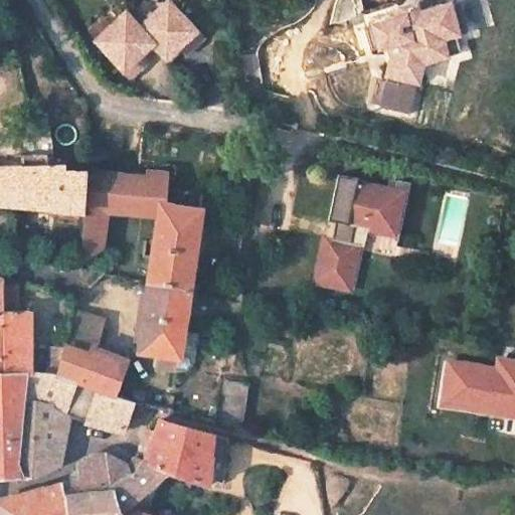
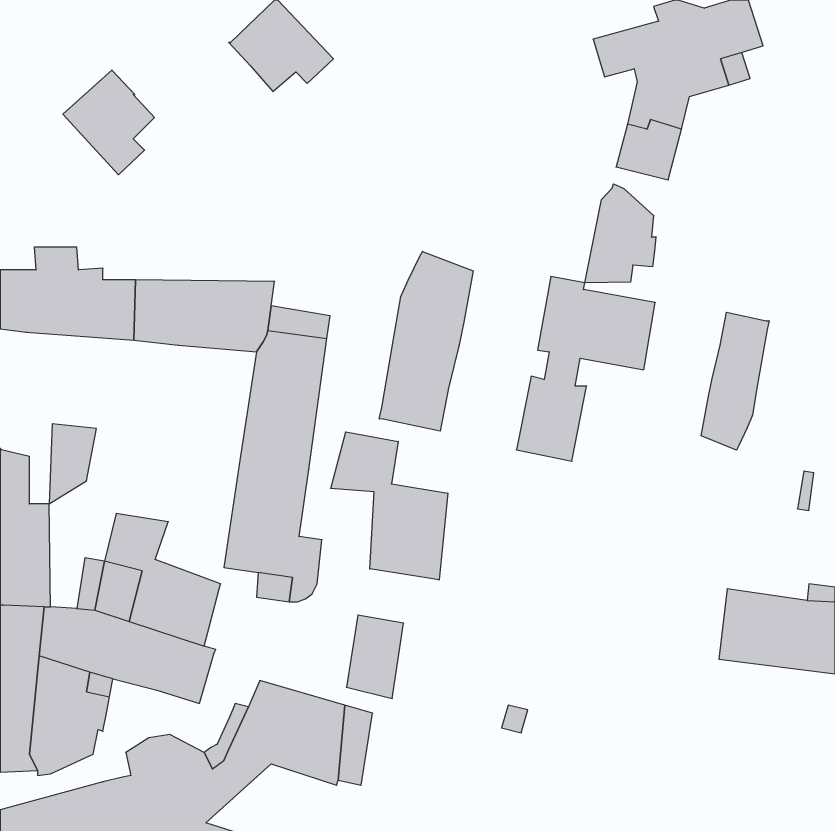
building: [98,14,154,78] -> [63,70,154,175]
building: none -> [585,184,656,283]
building: none -> [379,251,473,431]
building: none -> [701,312,769,450]
building: [80,212,110,262] -> [49,424,96,504]
building: none -> [331,432,448,580]

